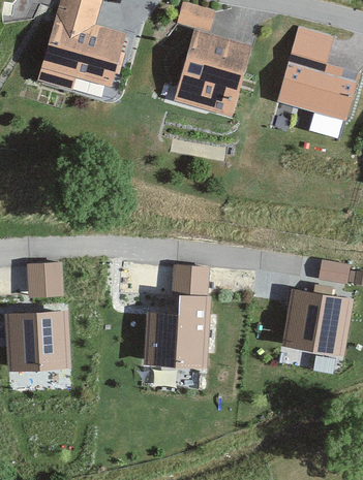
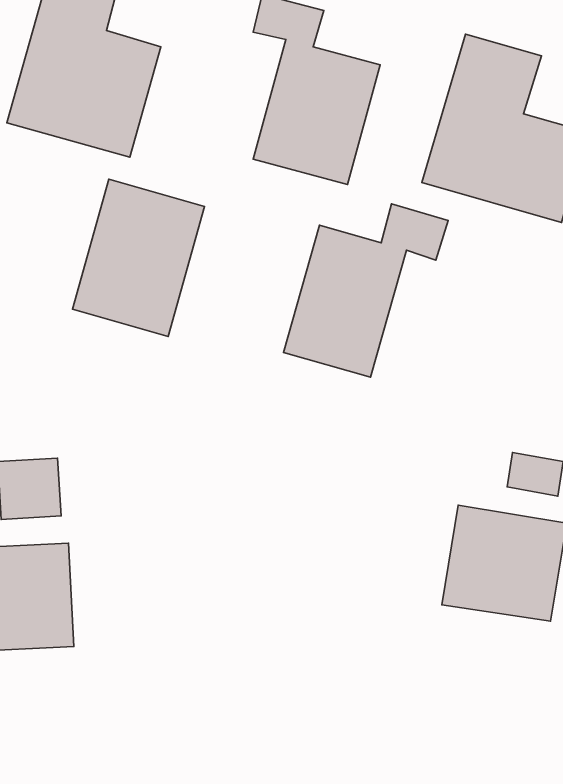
building: none -> [73,179,205,336]
building: none -> [283,204,448,377]
building: [144,266,210,371] -> none

